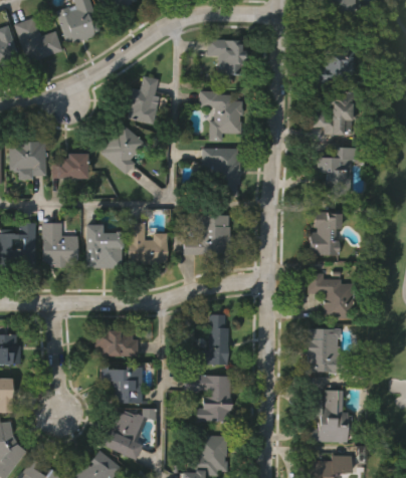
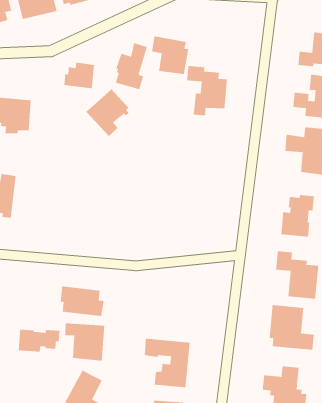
building: [207,39,245,76] -> [151,35,189,75]
building: [203,147,241,194] -> none
building: [56,154,86,180] -> [63,62,95,89]
building: [185,215,232,256] -> none
building: [43,221,76,264] -> none
building: [127,221,167,262] -> none
building: [83,222,121,264] -> none
building: [193,313,229,364] -> none
building: none -> [18,329,60,352]

